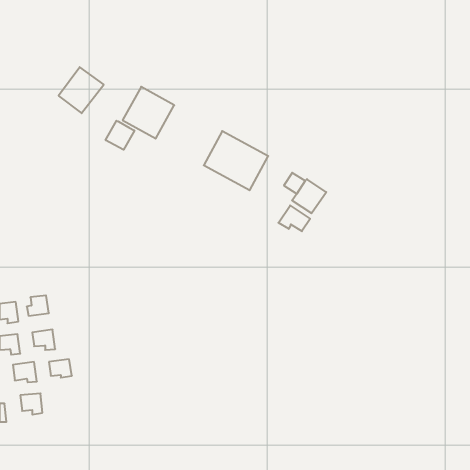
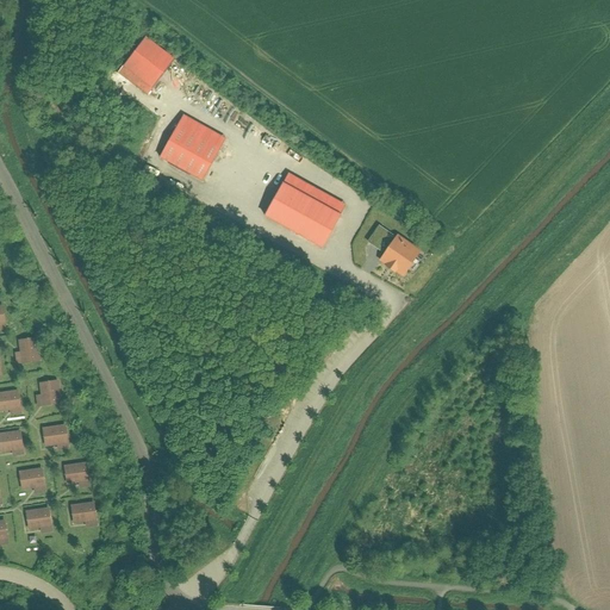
building: [59,67,104,113] -> [117,33,175,93]
building: [106,121,134,150] -> none
building: [278,205,310,231] -> none
building: none -> [13,337,43,365]
building: none -> [69,502,99,529]

